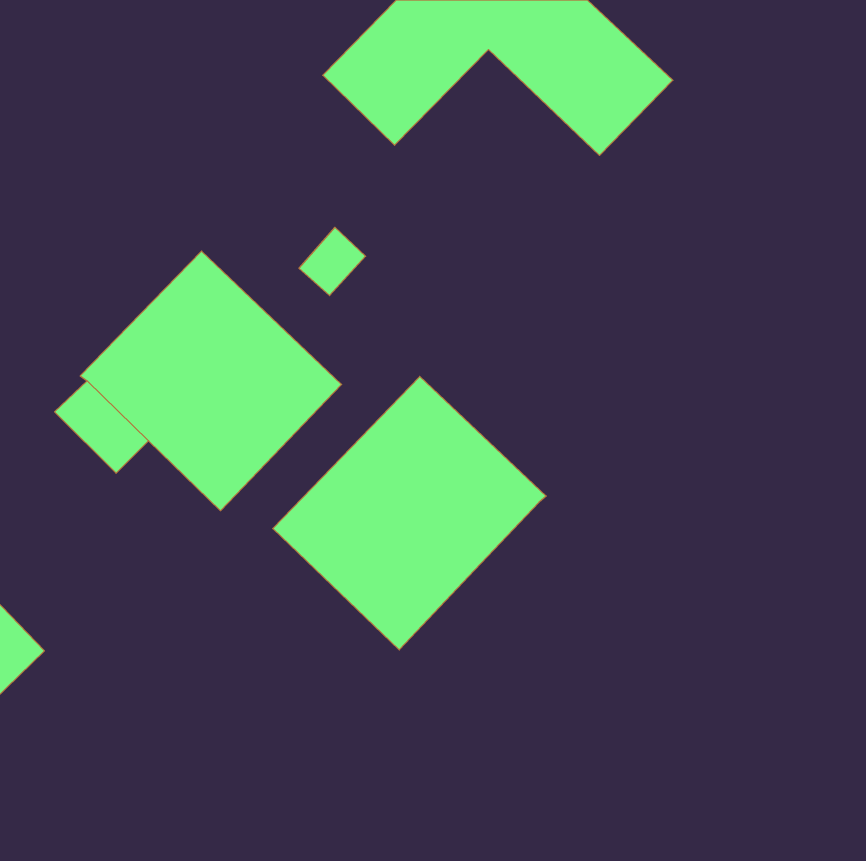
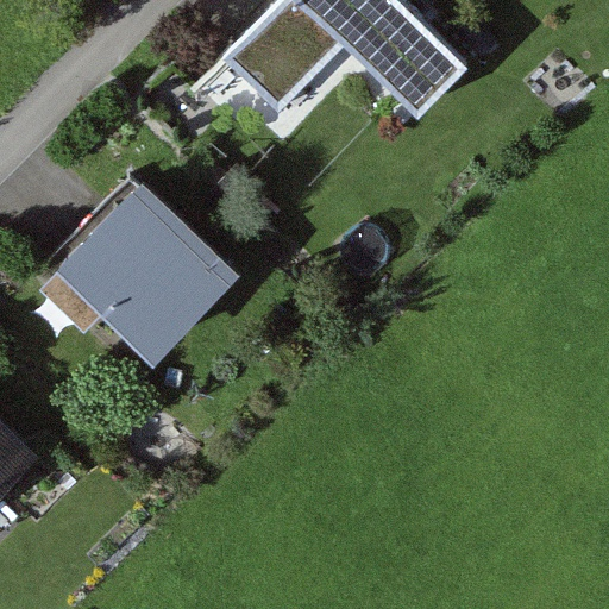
building: [273,376,546,650] -> none

